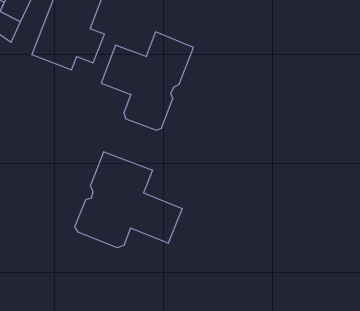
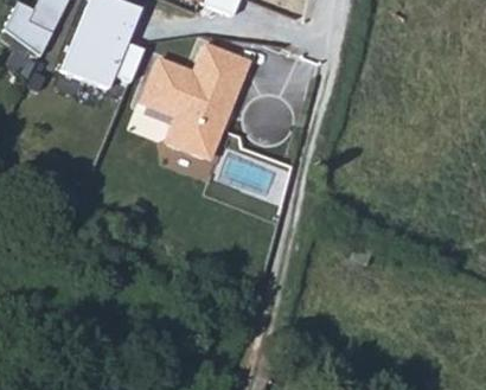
building: [75,152,182,248] -> none

